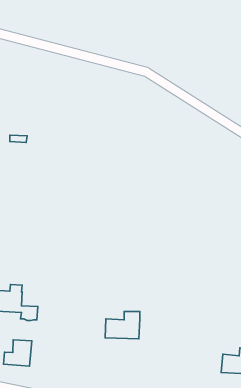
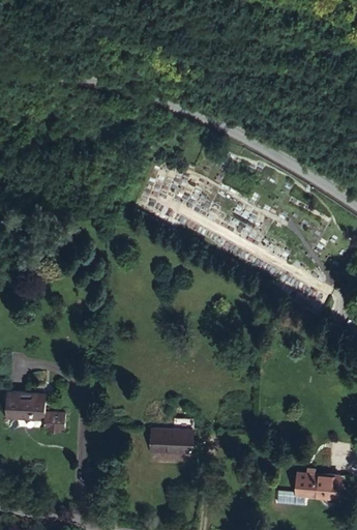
building: [4,340,32,366] -> none

